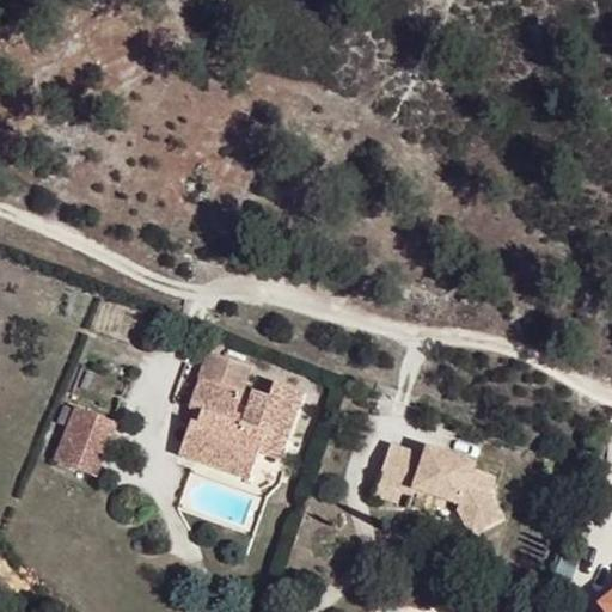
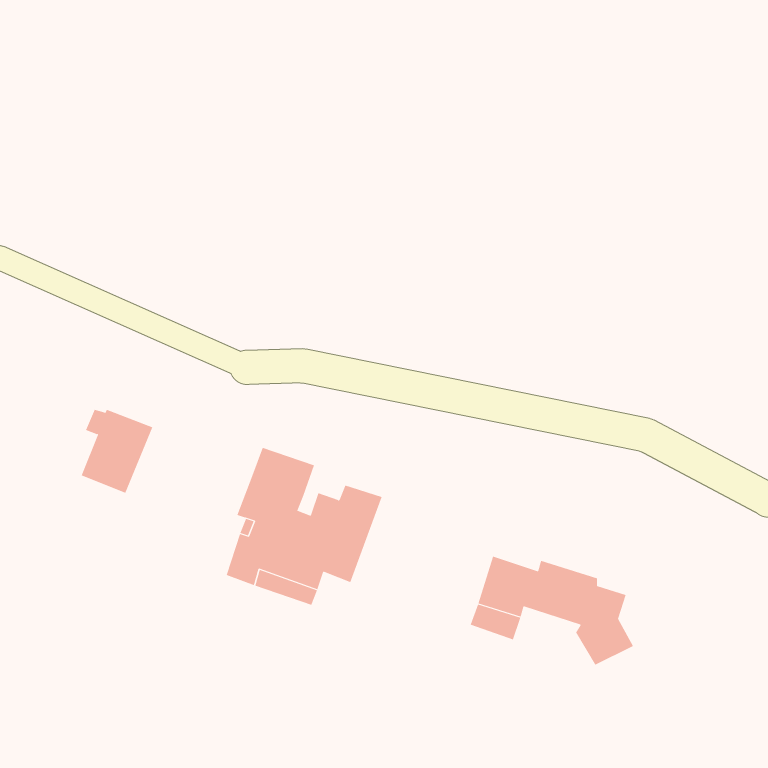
building: [55,408,112,475] -> [81,409,153,494]

